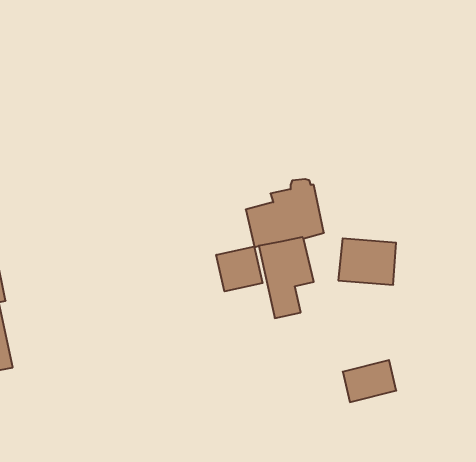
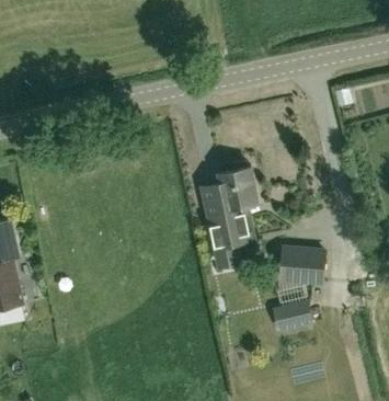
building: [338,238,396,285] -> [281,248,324,283]
building: [216,246,263,291] -> none

